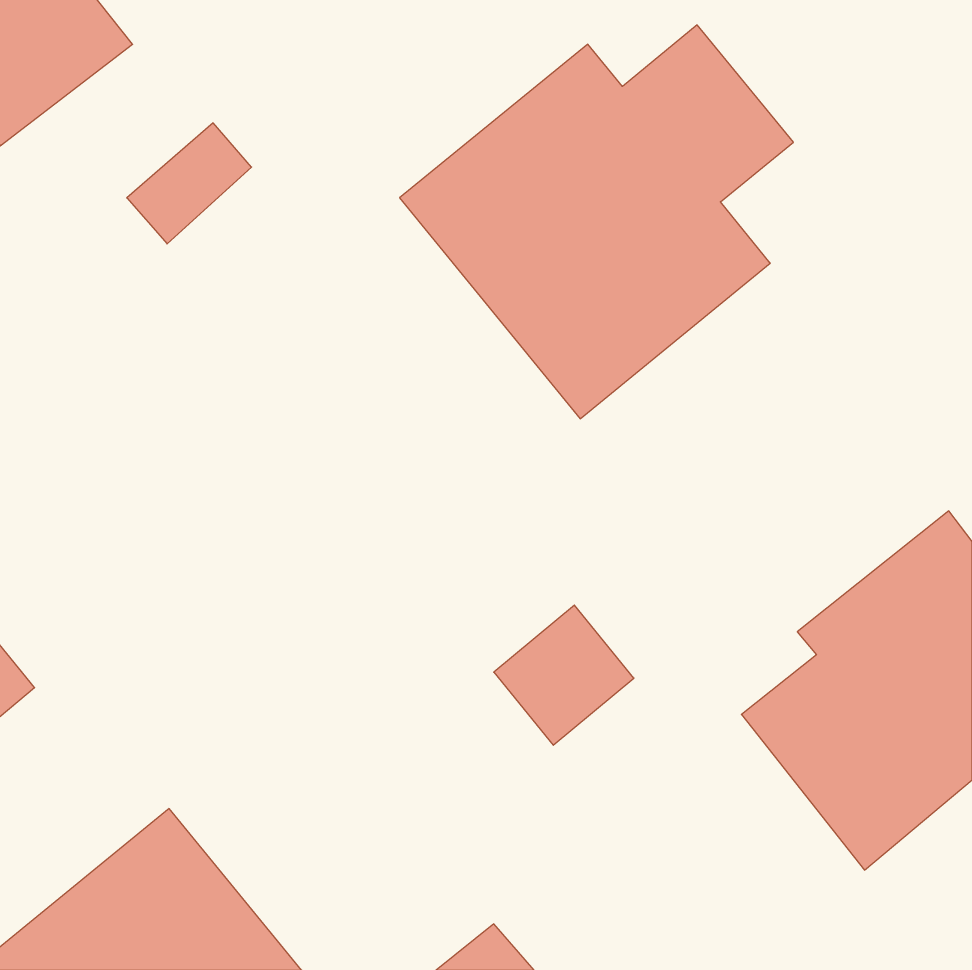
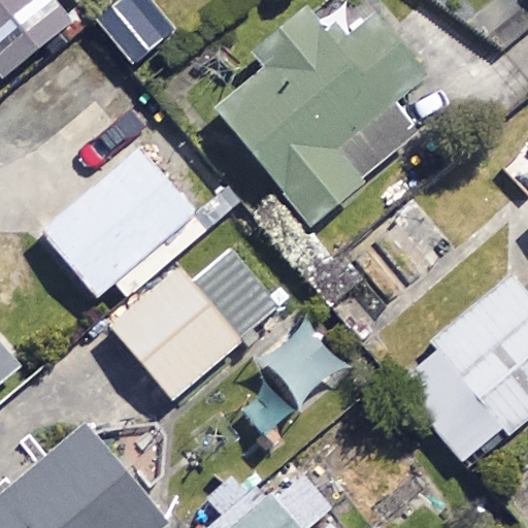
building: none -> [39,146,207,299]
building: none -> [110,246,283,399]

